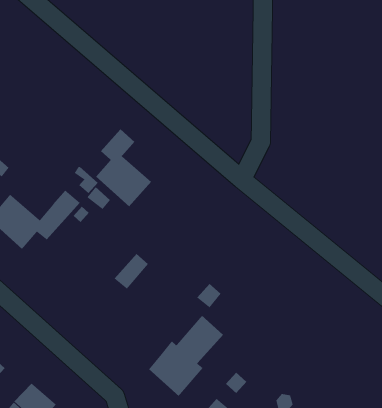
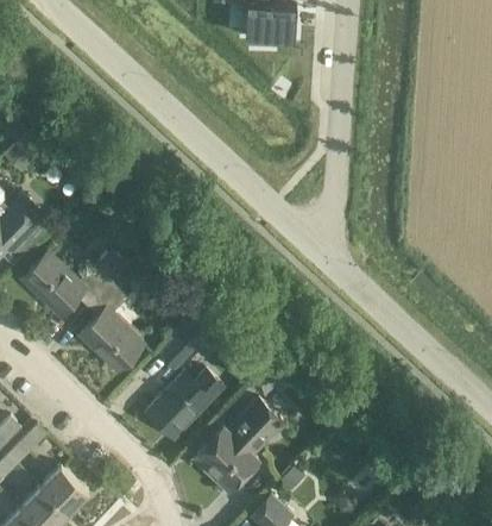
building: [95,114,152,207] -> [80,267,144,372]
building: none -> [145,371,222,434]

